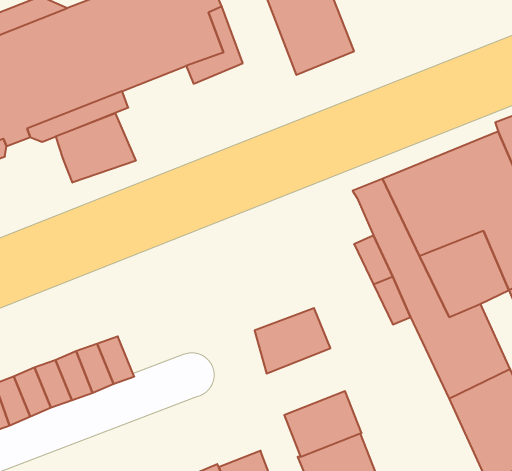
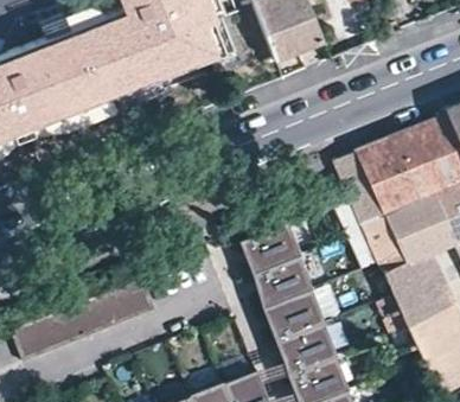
building: [56,113,136,183] -> none
building: none -> [239,222,301,274]
building: none -> [262,289,325,342]

